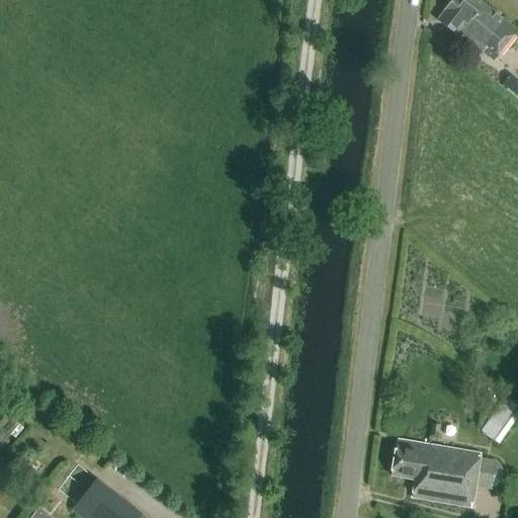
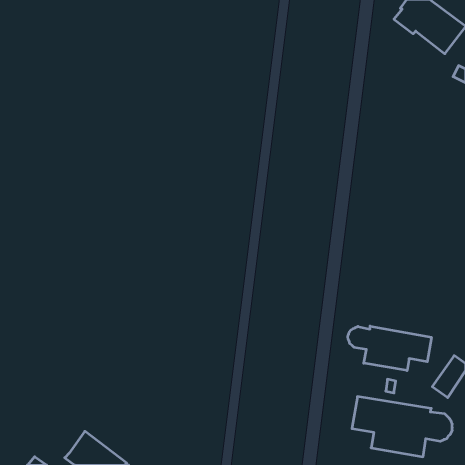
building: none -> [348,326,431,371]

